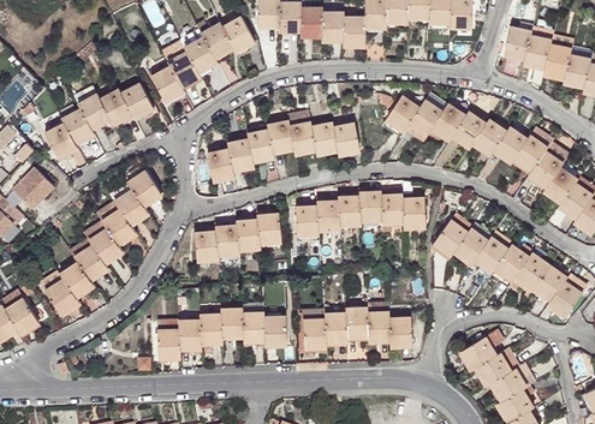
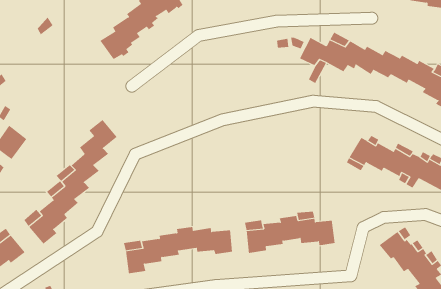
building: [44,85,154,160] -> none
building: [207,123,359,181] -> none
building: [296,191,424,237] -> none
building: [194,213,281,262] -> none

